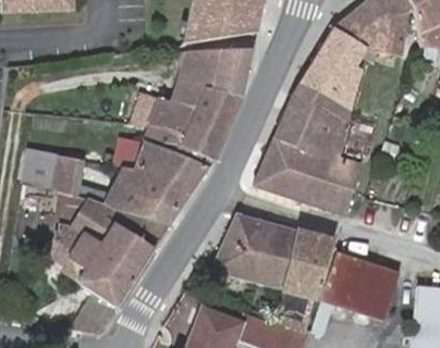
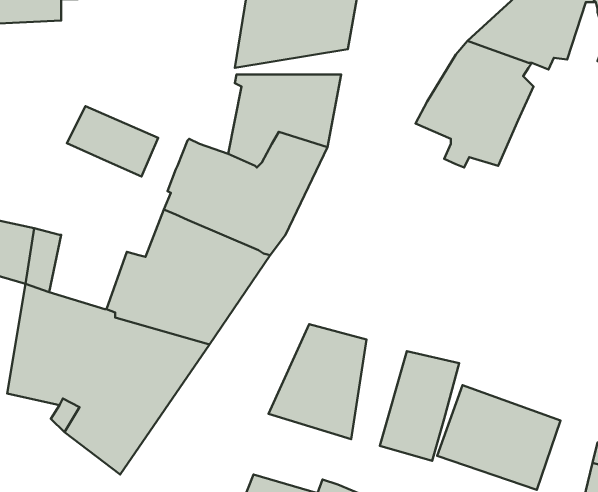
building: none -> [67,106,158,176]
building: [250,83,364,210] -> none
building: [261,222,297,290] -> none

